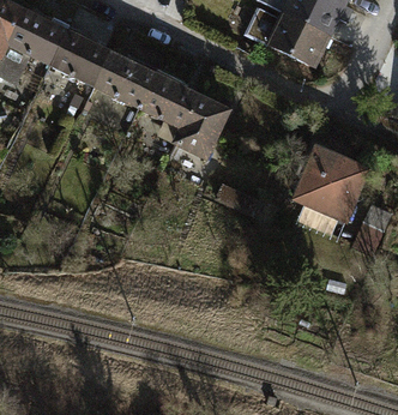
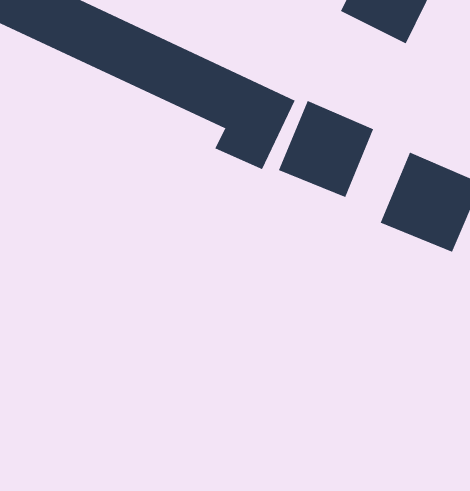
building: none -> [278,100,374,198]

